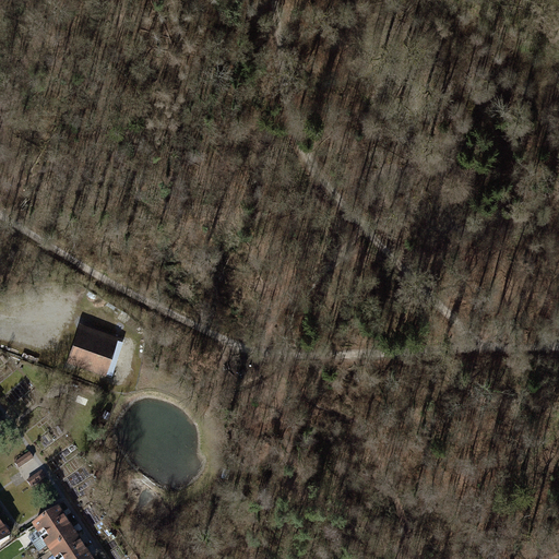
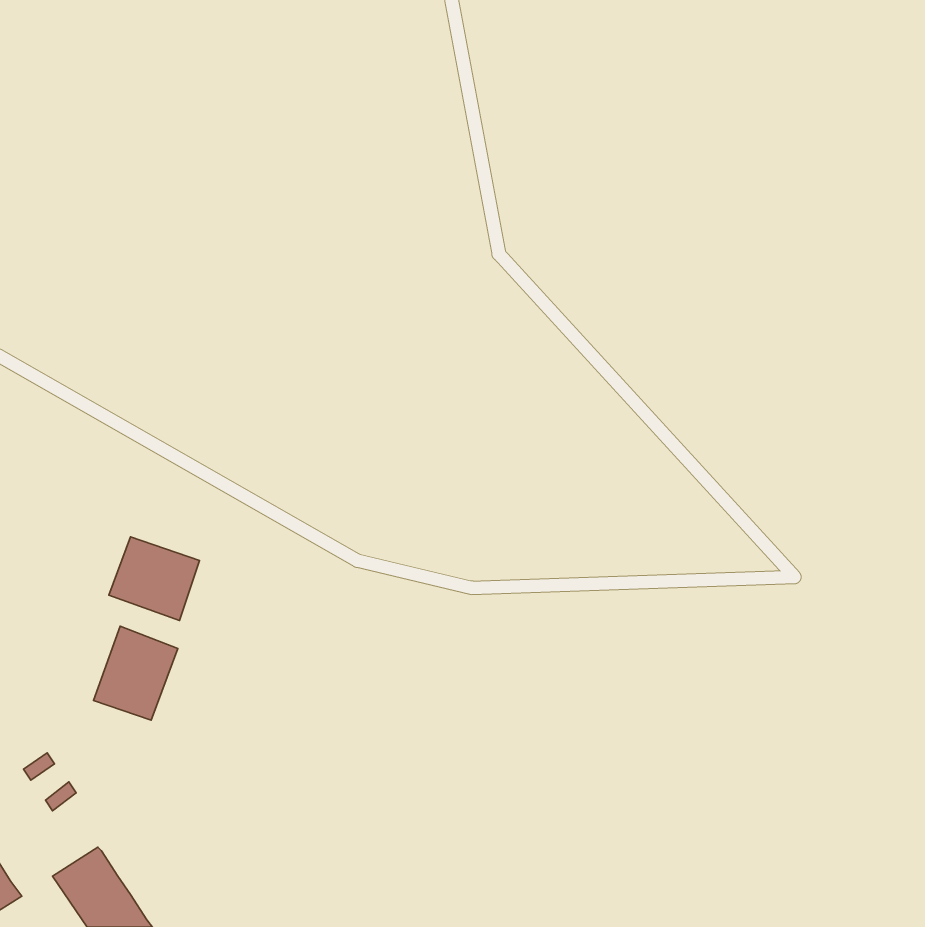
building: none -> [93,626,178,720]

